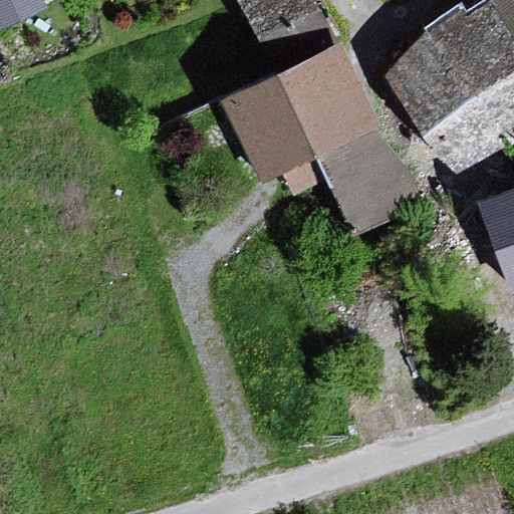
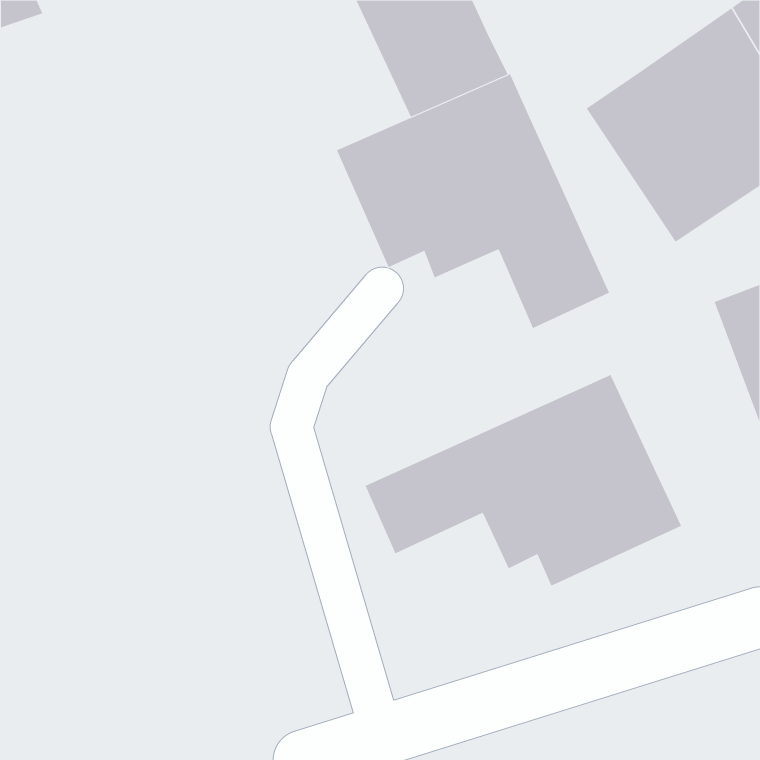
building: none -> [365,374,682,586]

